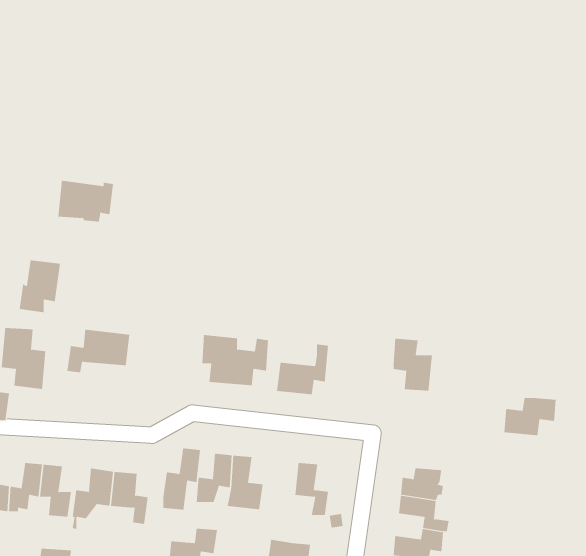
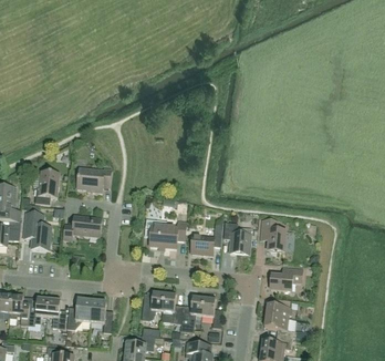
building: [57,180,114,222] -> [76,166,111,192]
building: none -> [223,220,251,254]
building: [504,398,557,436] -> [270,267,302,290]
building: [162,448,201,510] -> [180,293,204,331]

